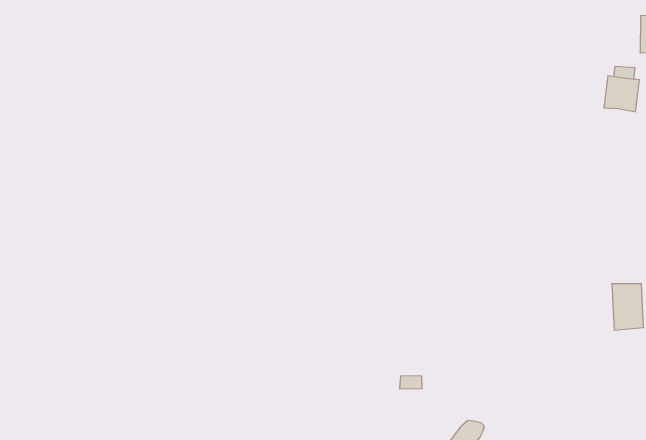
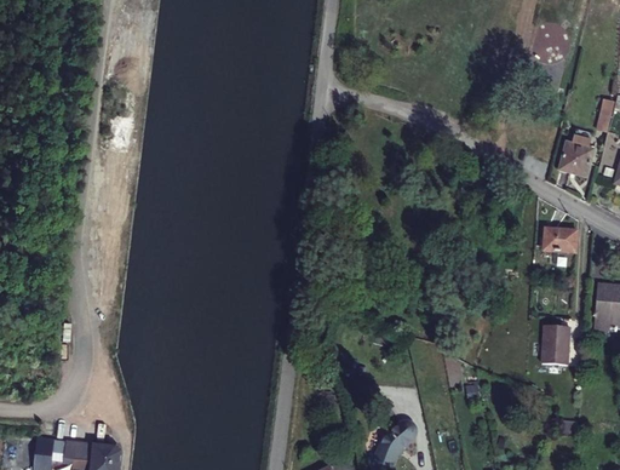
building: none -> [552,228,578,252]

